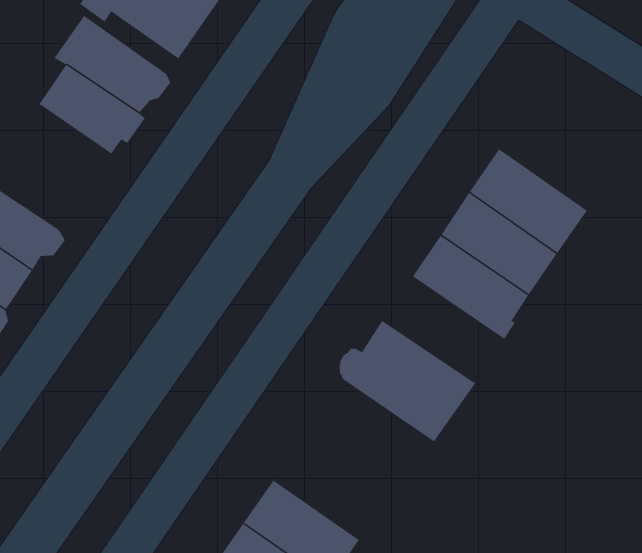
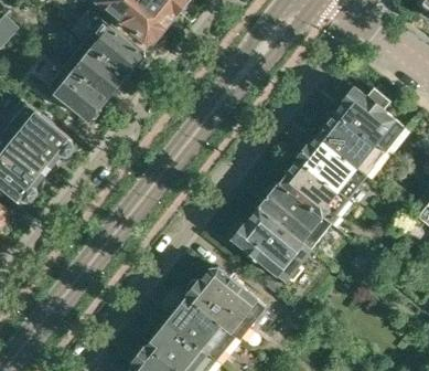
building: none -> [47,64,106,119]
building: none -> [335,88,404,152]
building: none -> [258,183,330,250]
building: none -> [184,267,265,339]

